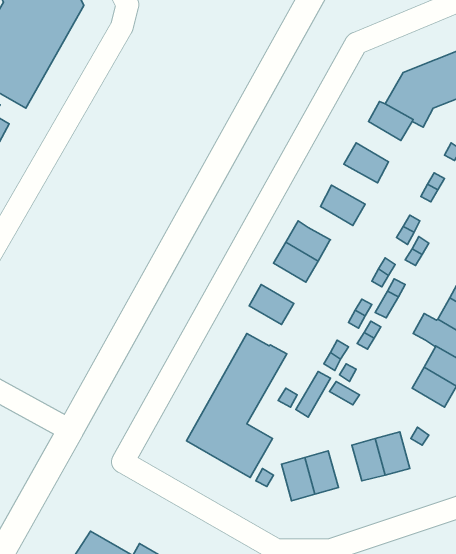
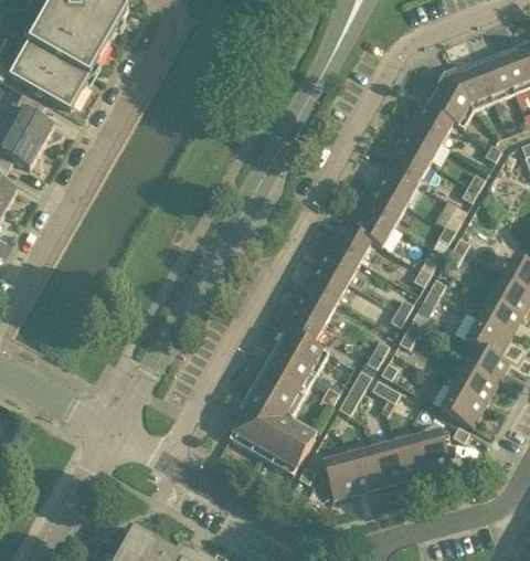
building: none -> [398,123,442,162]
building: none -> [373,165,418,204]
building: none -> [350,207,394,247]
building: none -> [304,263,348,303]
building: none -> [279,305,324,345]
building: none -> [441,387,485,426]
building: none -> [370,443,403,485]

